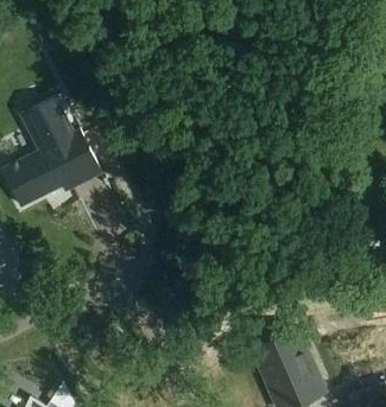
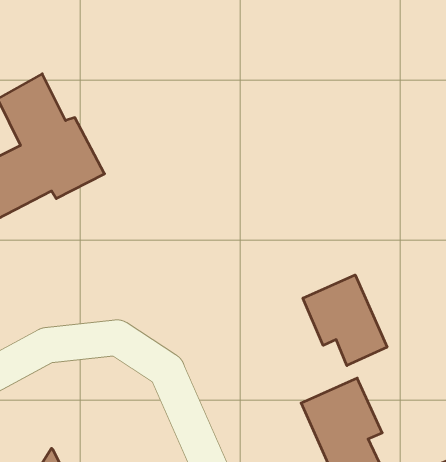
building: none -> [303,275,387,366]

